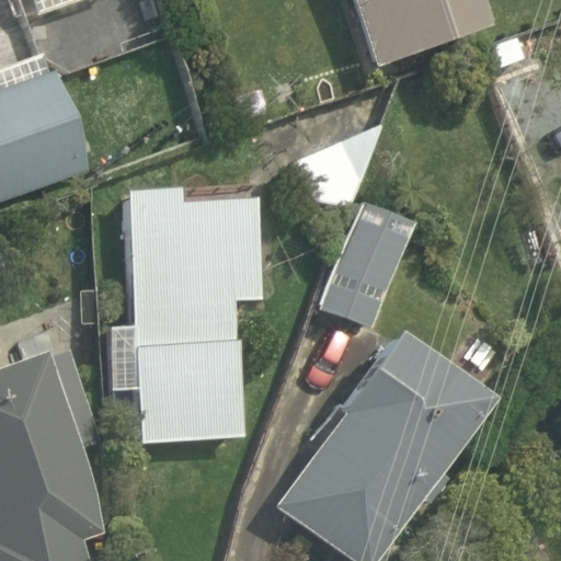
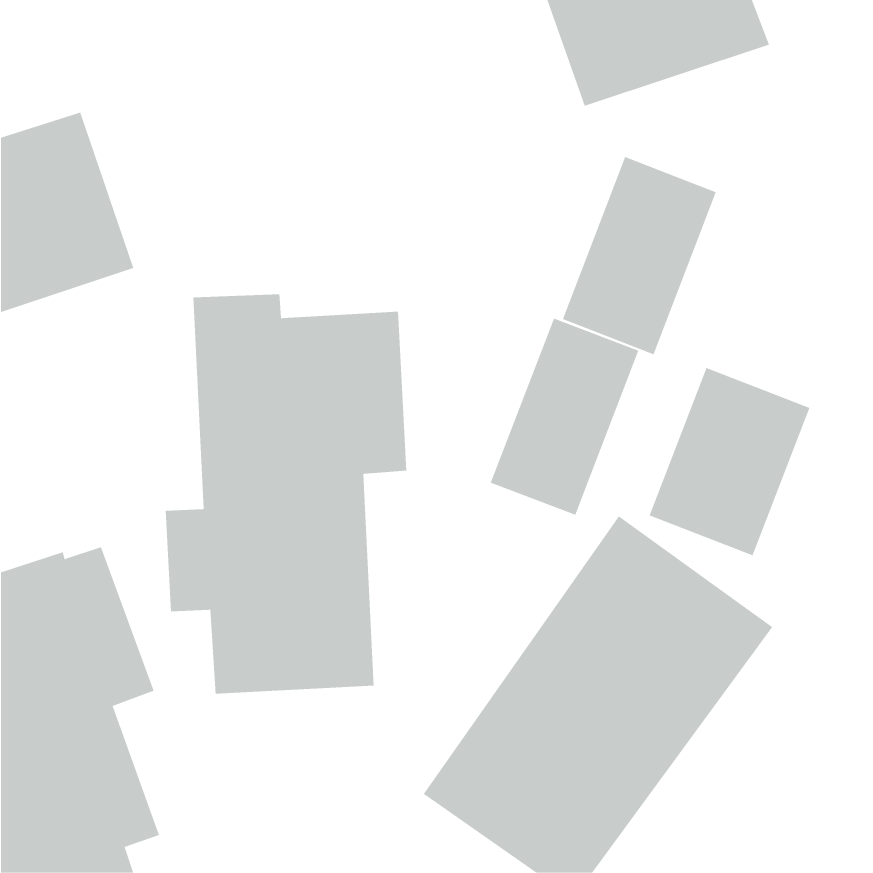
building: none -> [562,156,717,355]
building: none -> [649,367,810,556]

